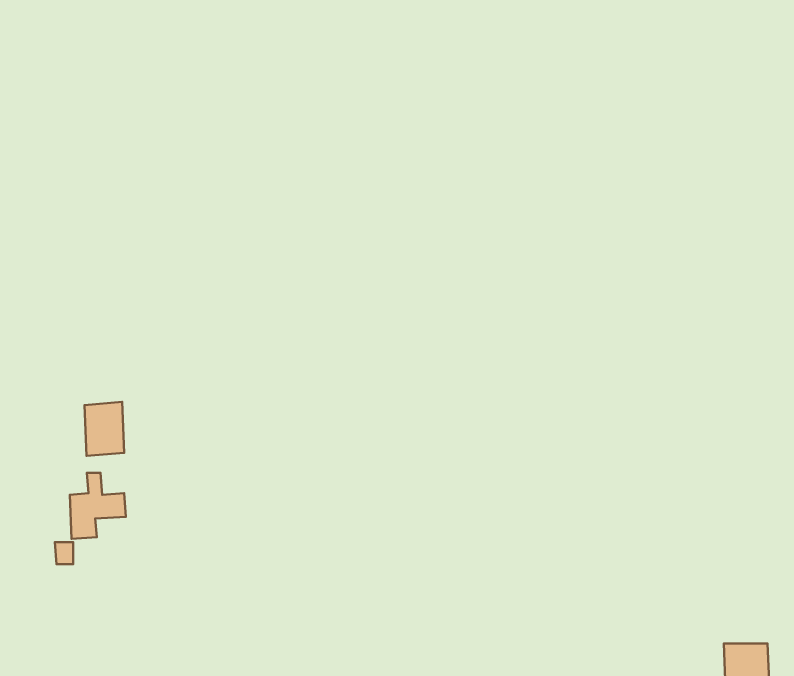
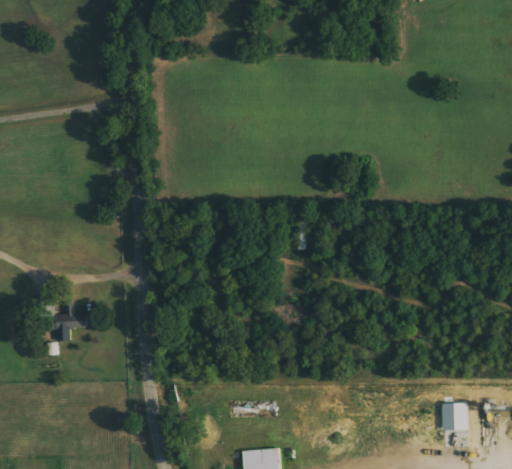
building: [85,402,124,456] -> none

